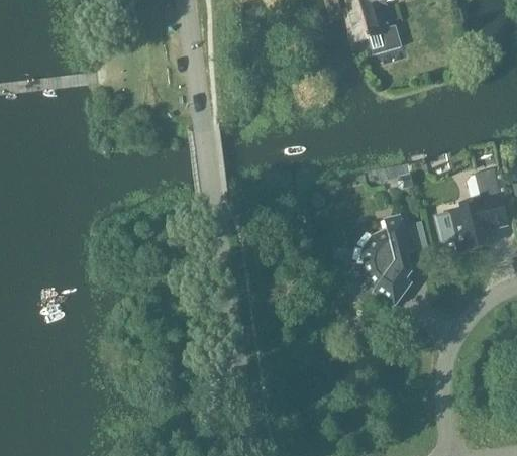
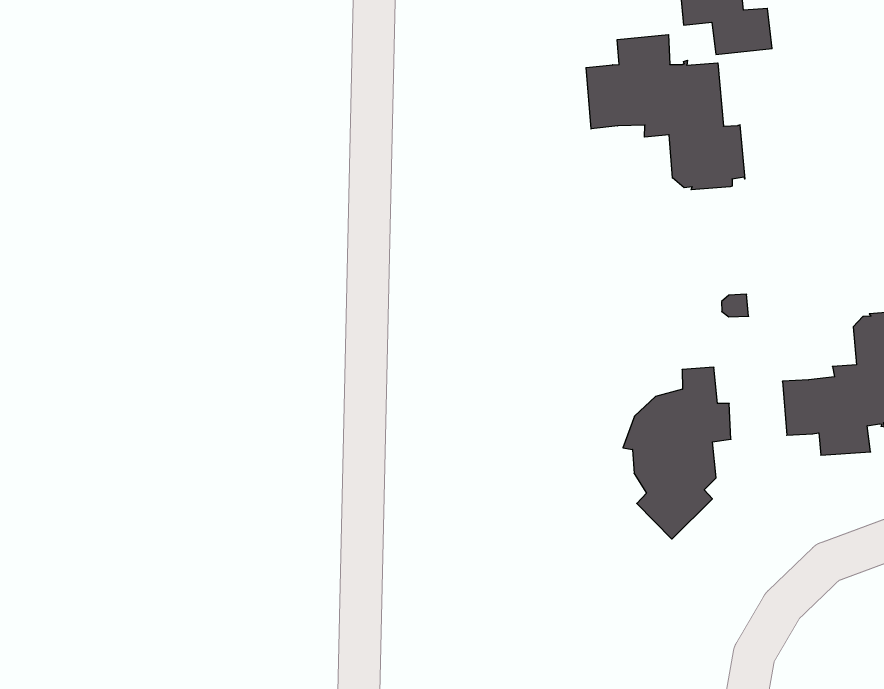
building: none -> [586,35,745,190]

